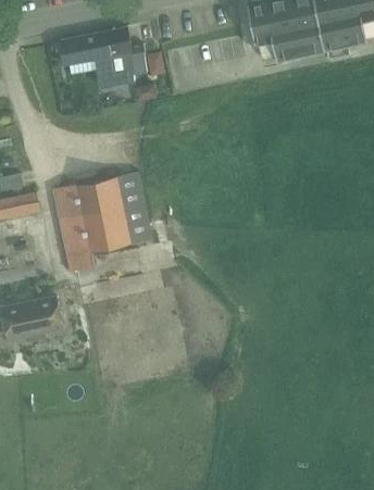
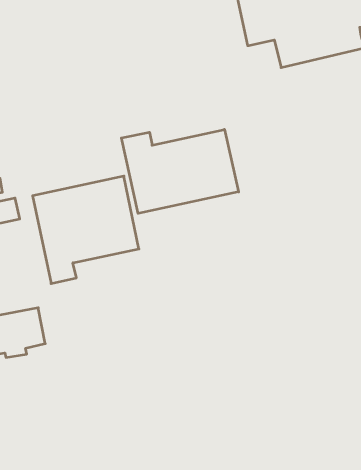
building: [59,27,146,88] -> none
building: none -> [121,129,239,213]

